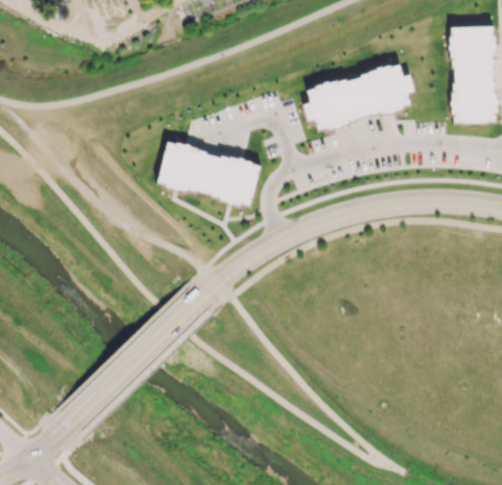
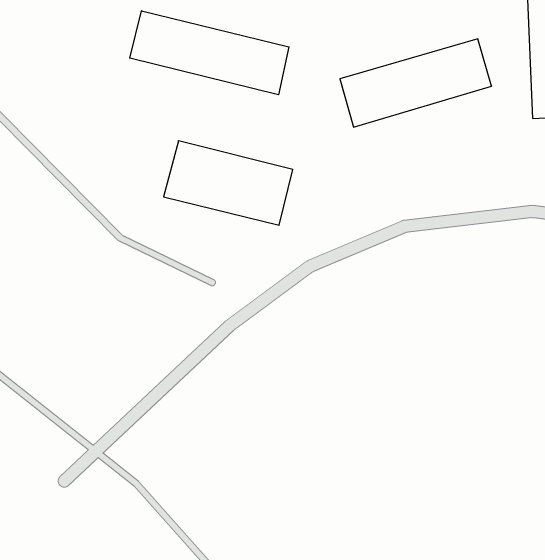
building: none -> [130,11,289,95]

